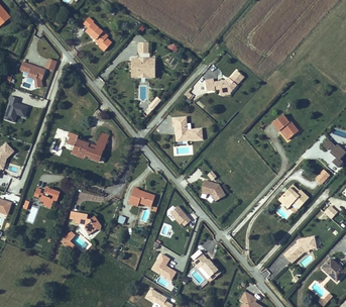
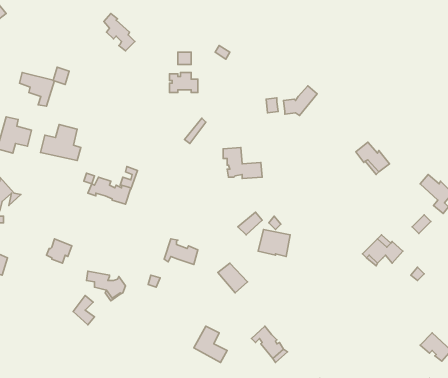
building: none -> [41,125,81,160]
building: [283,235,317,263] -> none

